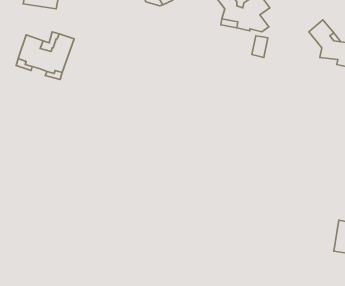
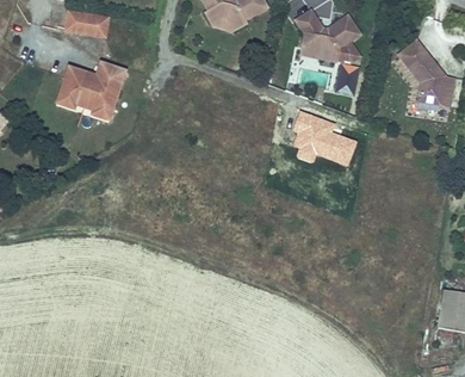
building: none -> [292,107,358,162]

